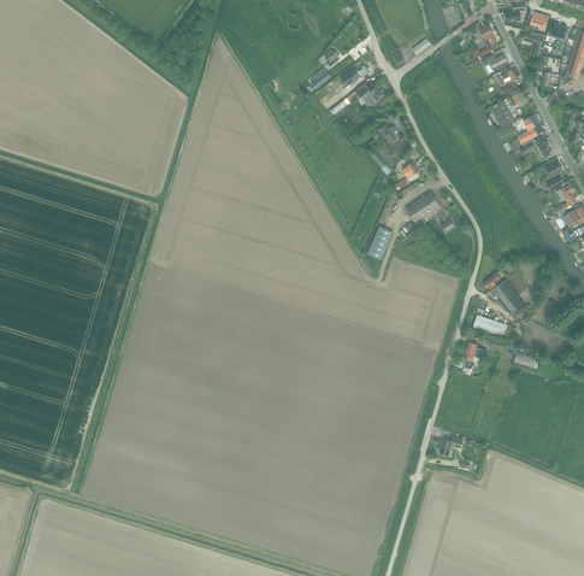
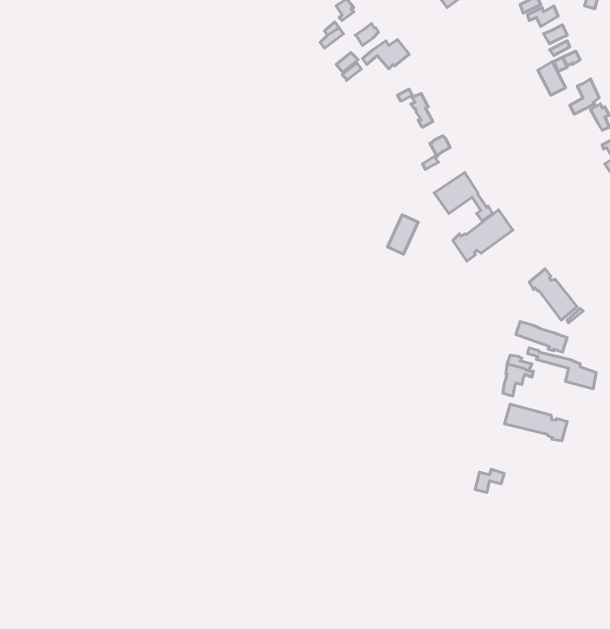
building: none -> [453,210,513,261]
building: none -> [505,404,567,441]

